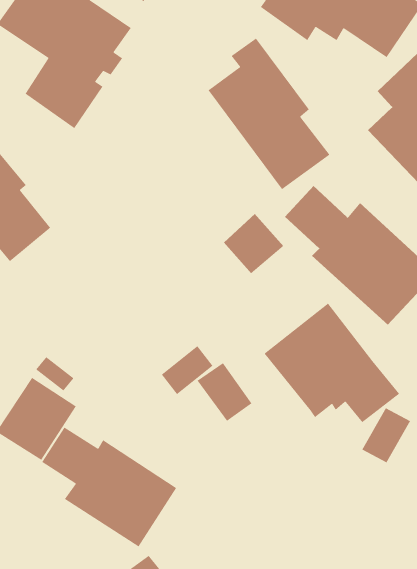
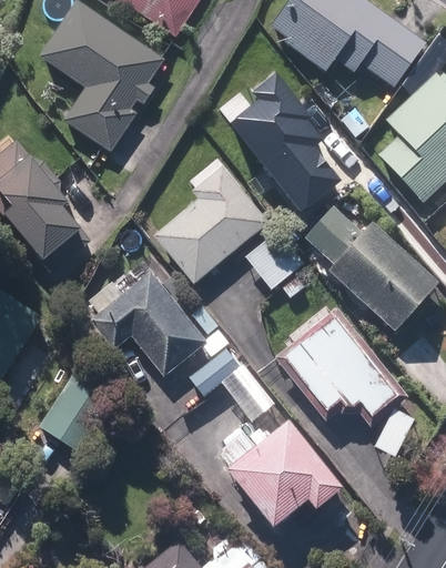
building: none -> [152,162,268,283]
building: none -> [89,265,203,373]
building: none -> [220,418,341,528]
building: [41,426,177,548] -> none

